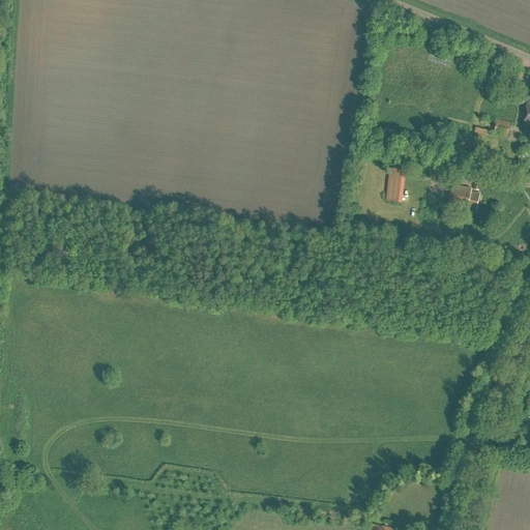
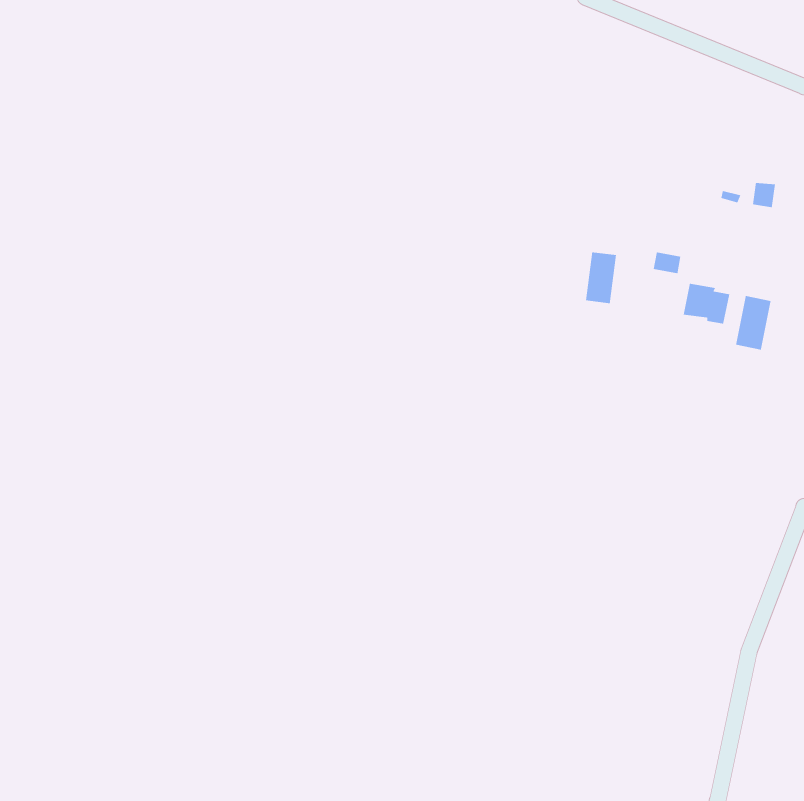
building: none -> [735,295,771,351]

